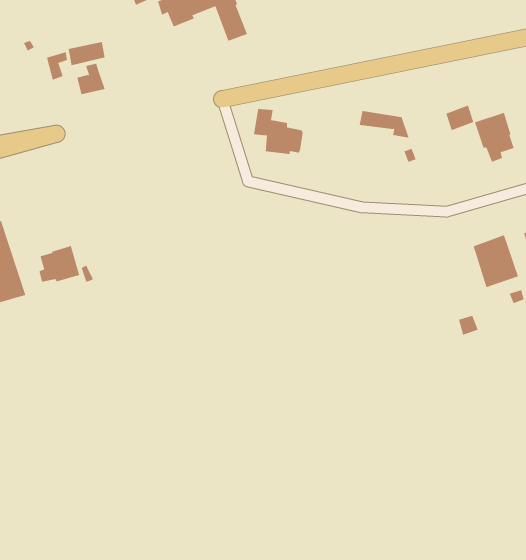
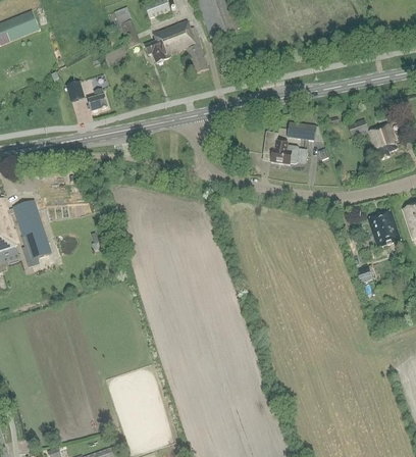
building: [253,108,304,155] -> [262,131,298,163]
building: [39,245,80,283] -> none

